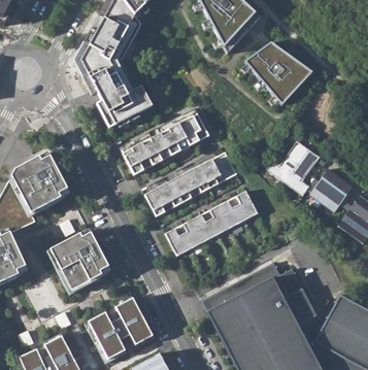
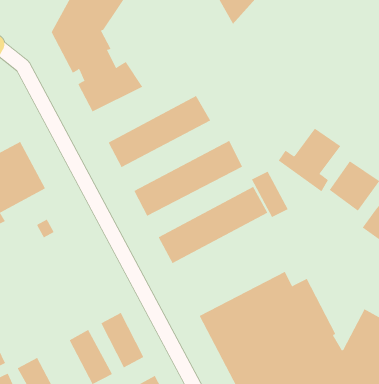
building: [245,41,312,104] -> none
building: none -> [251,171,288,218]
building: [51,229,111,290] -> none

